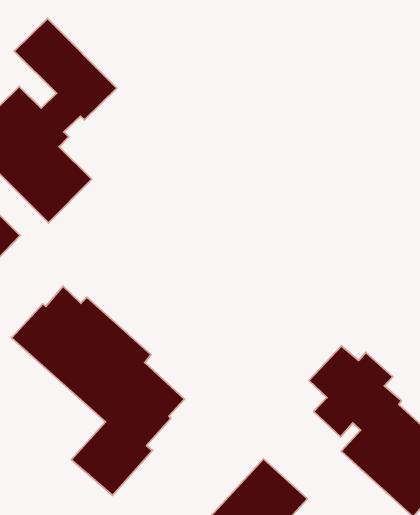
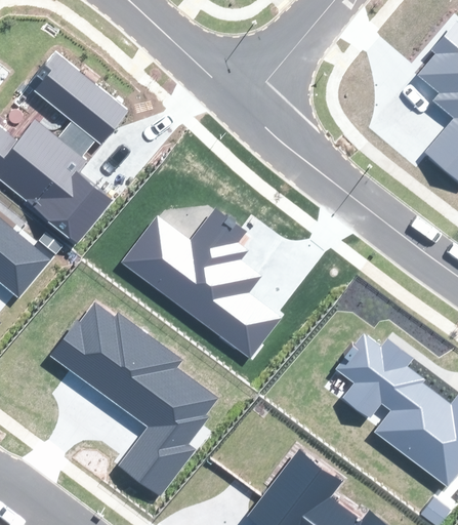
building: none -> [122,208,280,357]

